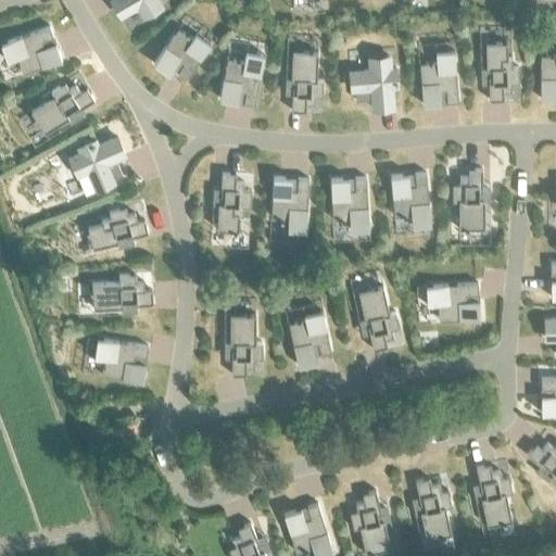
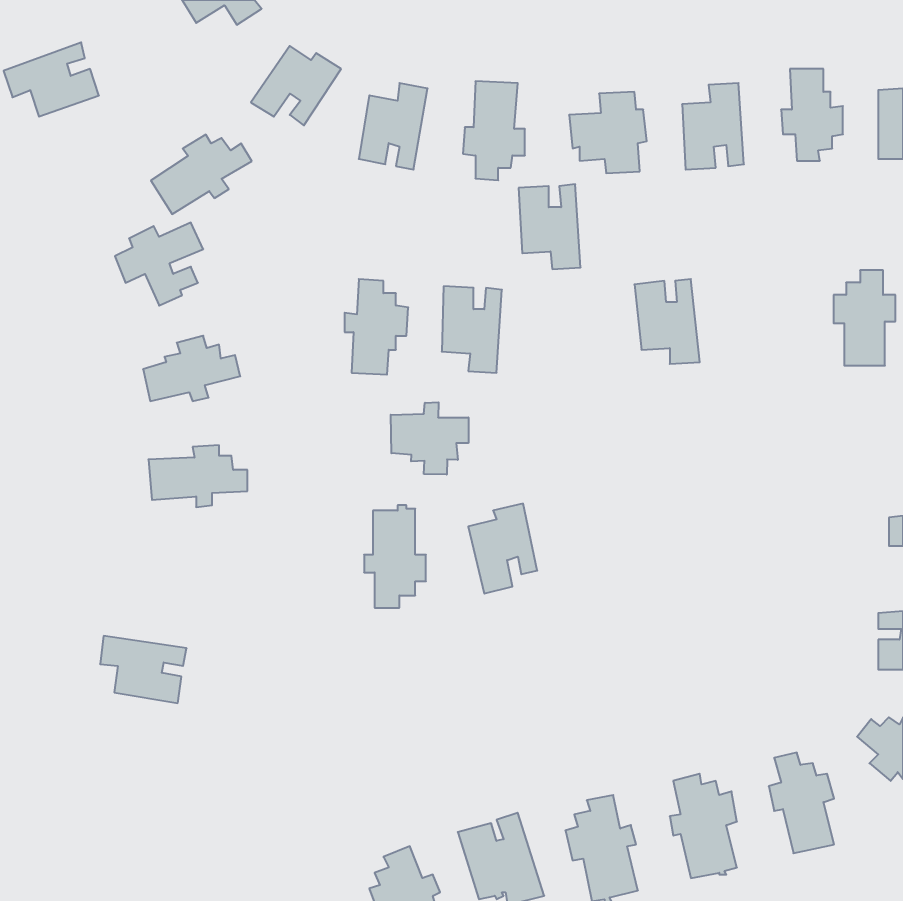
building: [31,84,93,132] -> [151,135,252,214]
building: [452,169,490,228] -> [834,270,895,366]
building: [330,177,368,229] -> [519,184,581,269]
building: none -> [391,402,468,475]
building: [426,282,479,320] -> none
building: [358,288,397,350] -> none
building: [94,339,148,380] -> [100,636,187,703]

